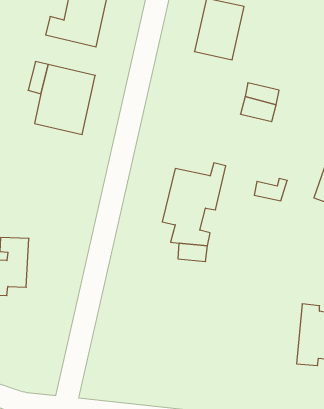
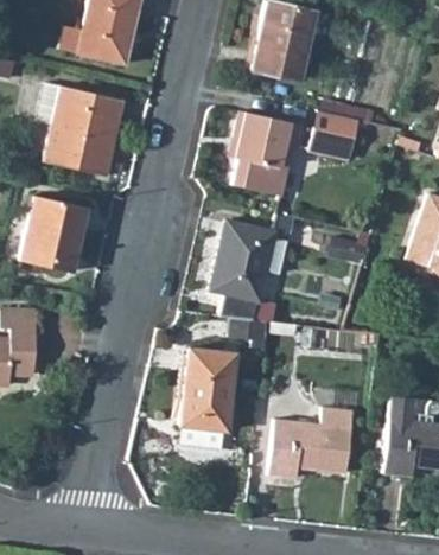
building: none -> [236,111,306,196]
building: none -> [20,196,87,272]
building: none -> [180,347,236,449]
building: none -> [269,408,355,478]

